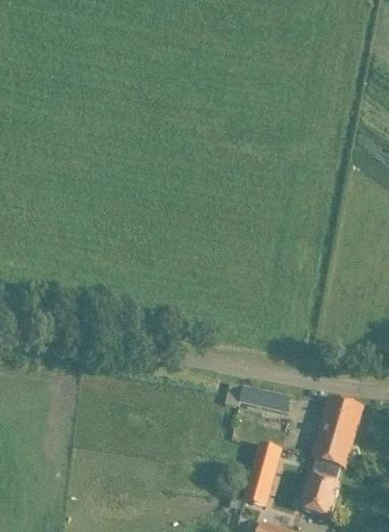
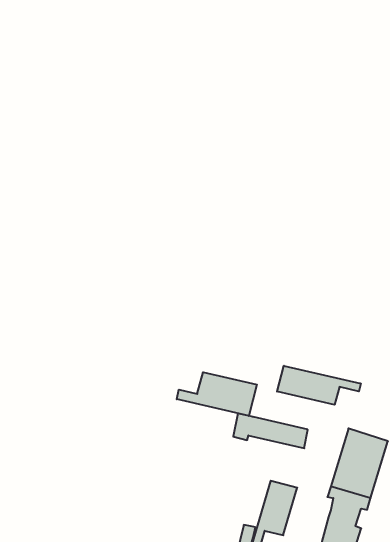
building: none -> [277,366,361,405]
building: none -> [177,372,257,416]

